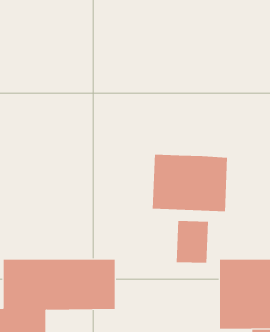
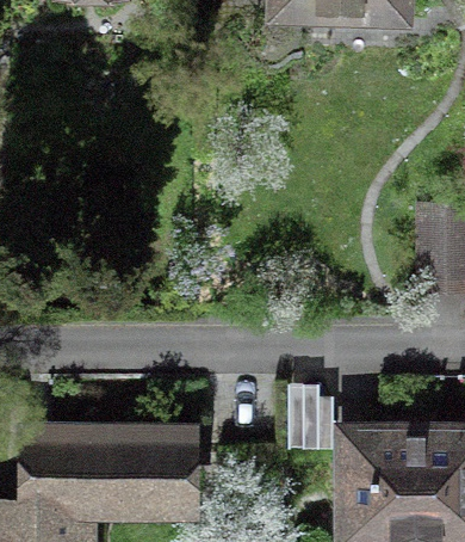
building: [152,154,228,212] -> none

